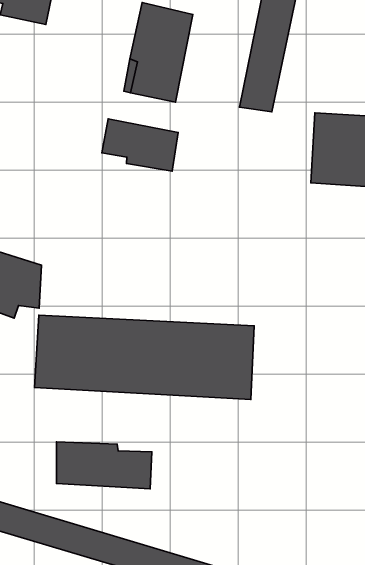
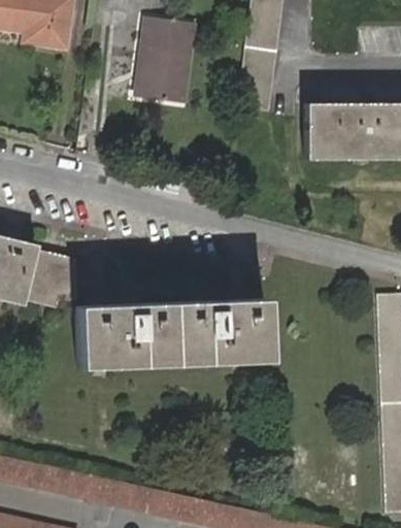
building: [102,119,178,171] -> none
building: [57,442,152,489] -> none

